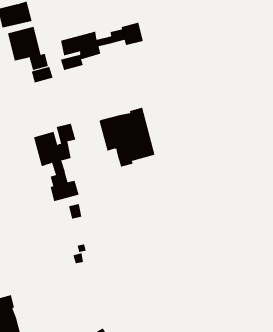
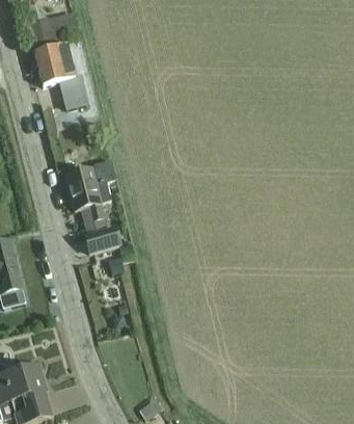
building: [60,22,144,71] -> none
building: [99,107,155,167] -> none

